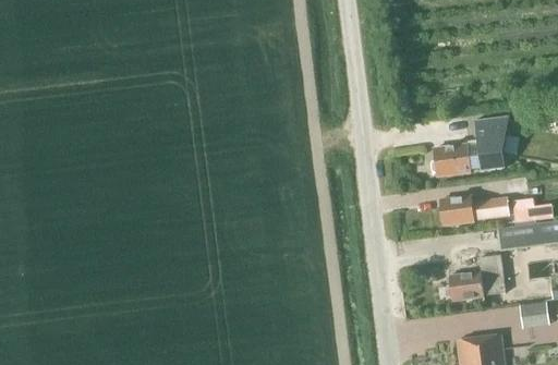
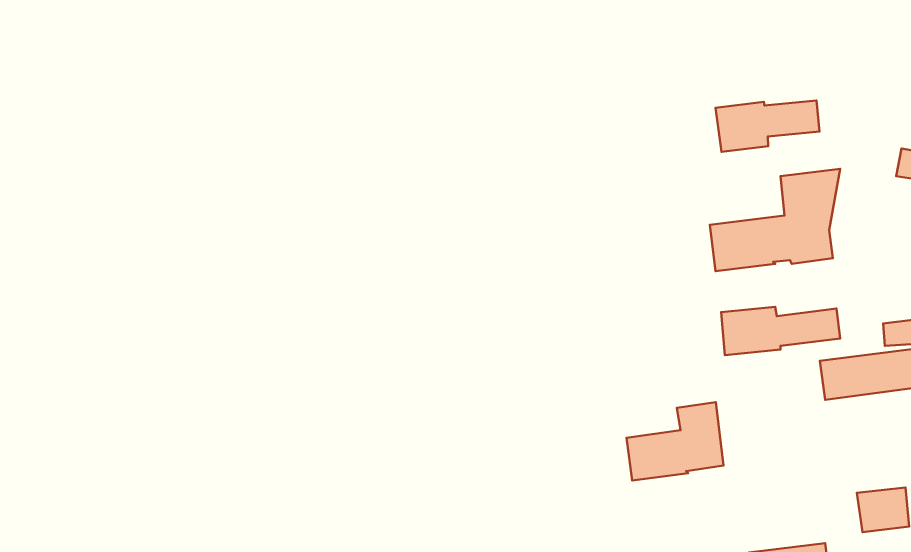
building: none -> [715,101,820,152]
building: [448,254,505,300] -> [627,402,723,481]

